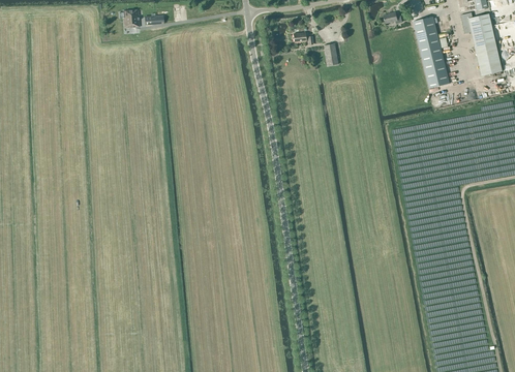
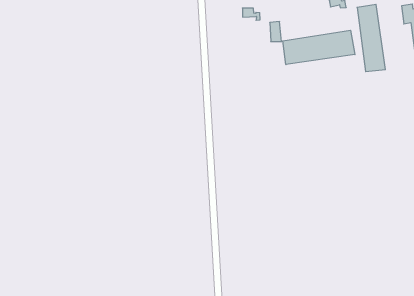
building: none -> [283,30,355,65]

